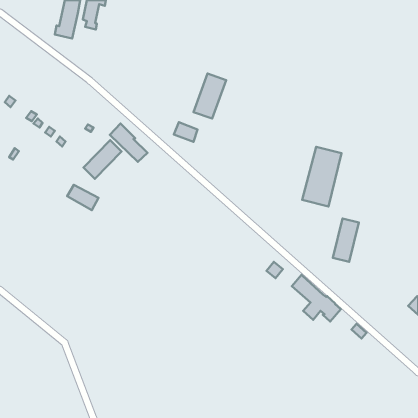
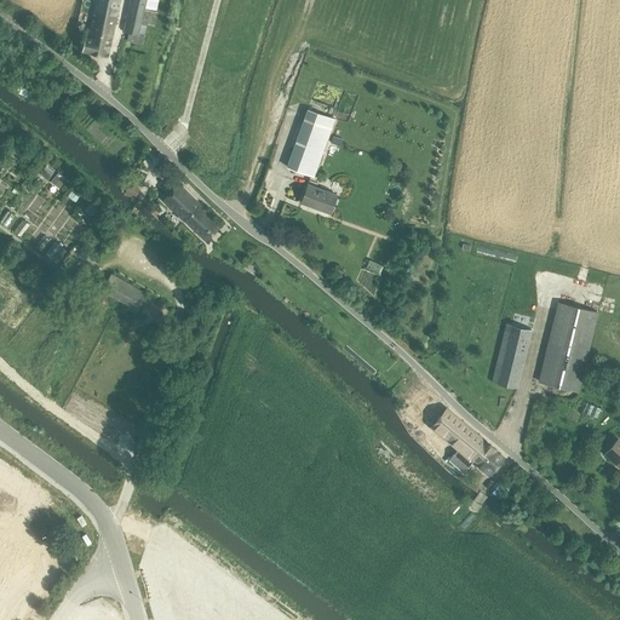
building: [174,122,198,142] -> [300,184,335,213]
building: [83,140,122,179] -> none
building: [302,147,342,206] -> [538,303,596,391]

